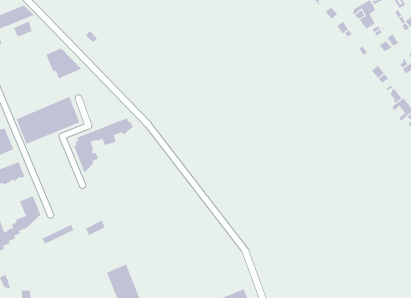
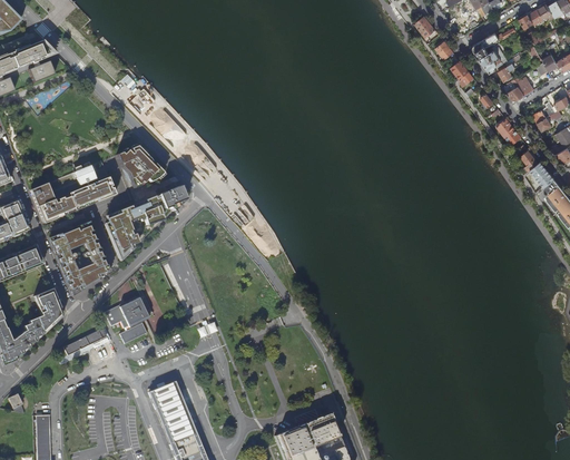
building: [45,48,82,79] -> [116,146,164,187]
building: none -> [50,224,108,294]
building: none -> [105,295,154,329]

